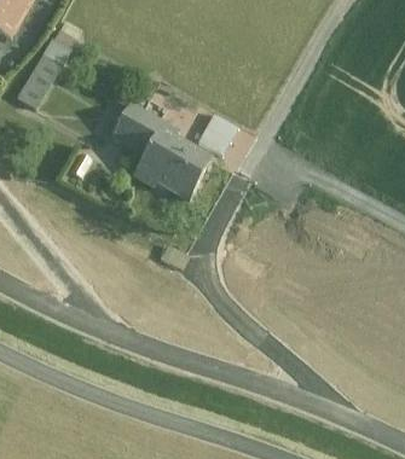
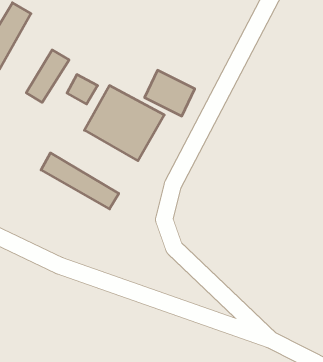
building: none -> [26,50,69,102]
building: none -> [41,153,119,209]

